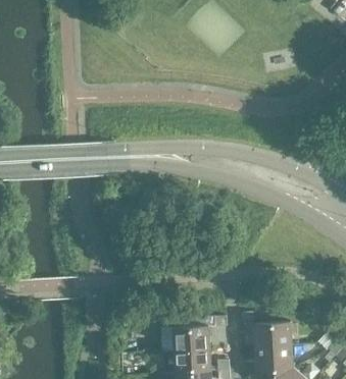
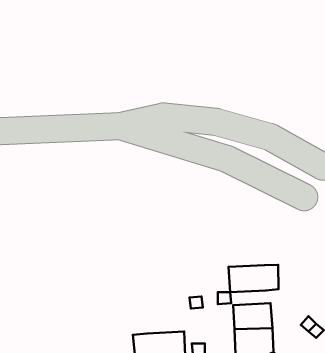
building: none -> [229,265,278,292]
building: [171,326,208,350] -> none

